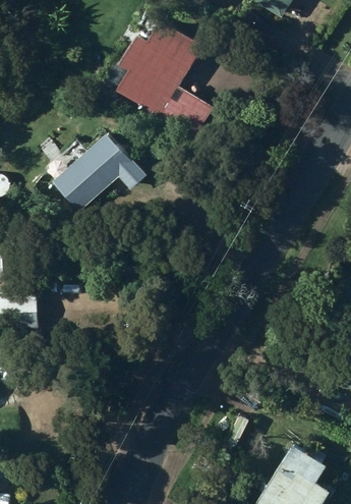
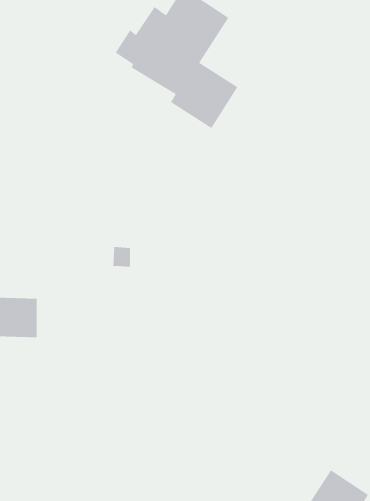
building: [53,132,147,211] -> none

